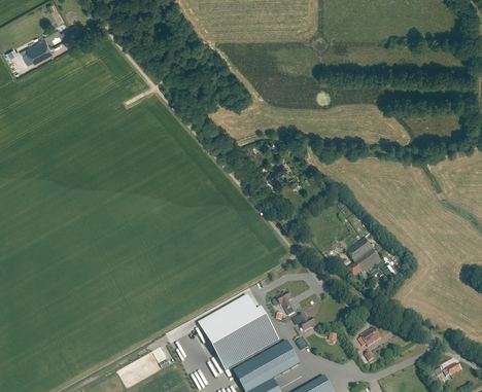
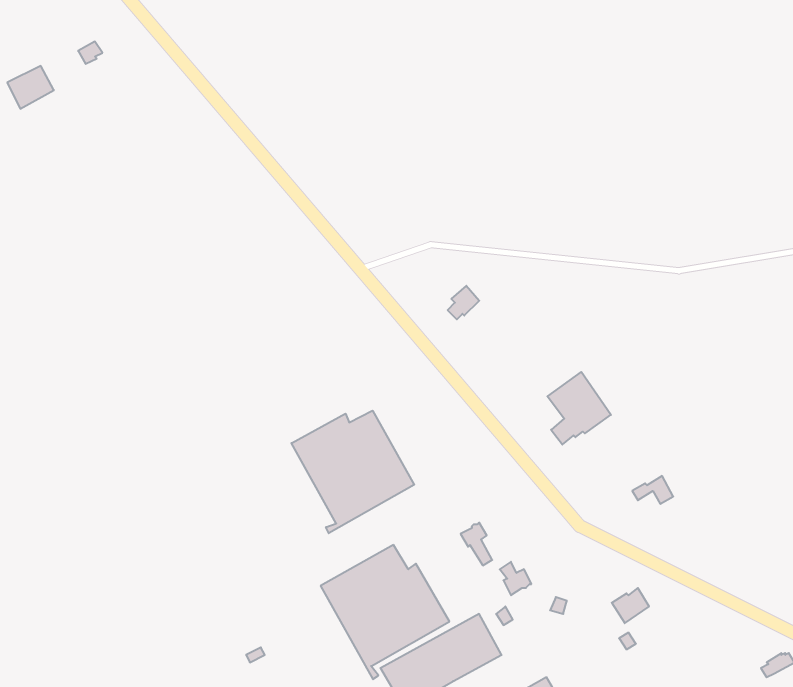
building: none -> [291,411,414,533]
building: [346,236,381,276] -> [547,372,611,445]

